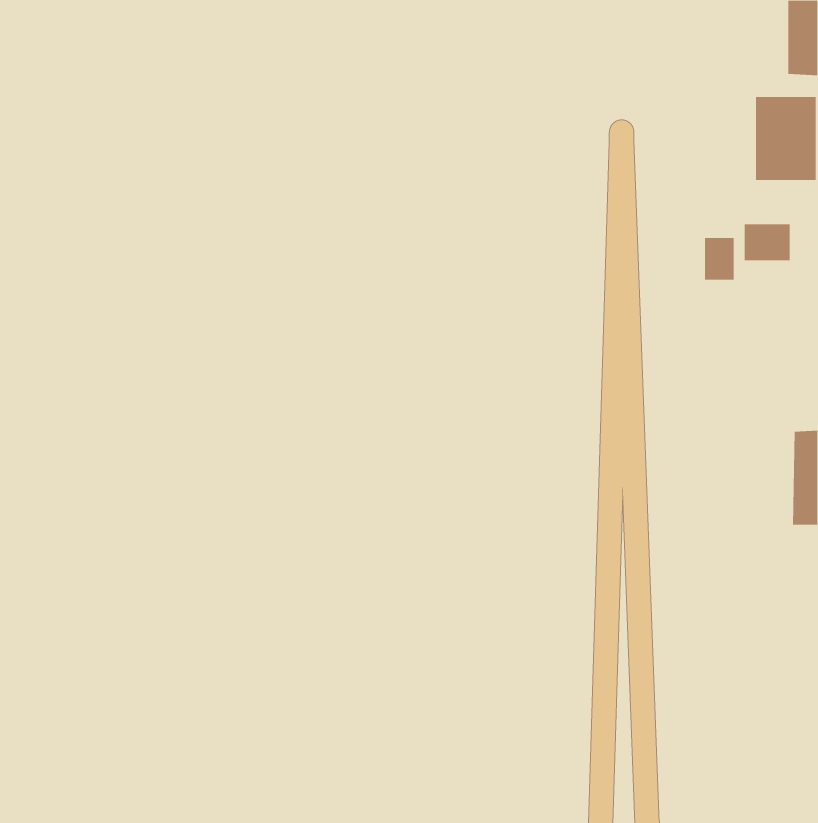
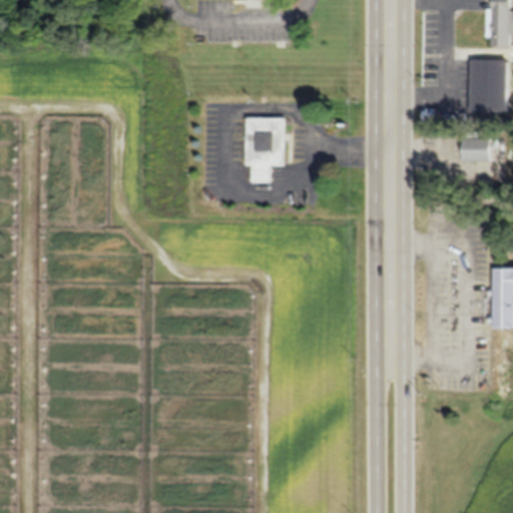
building: none -> [246,118,286,182]
building: [704,237,734,280] -> none

